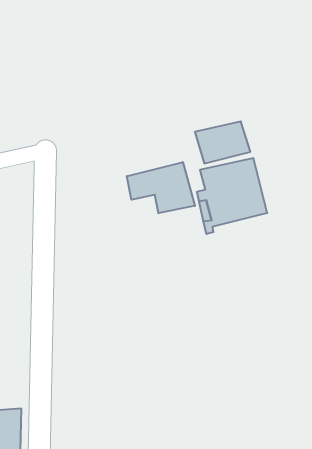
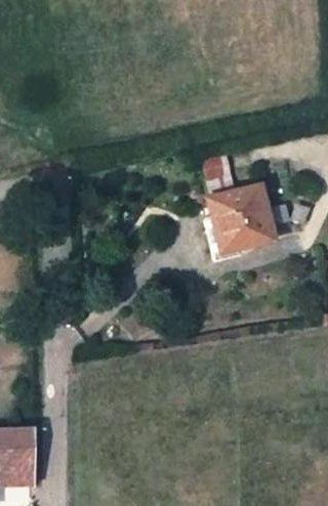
building: [127,162,195,213] -> none

